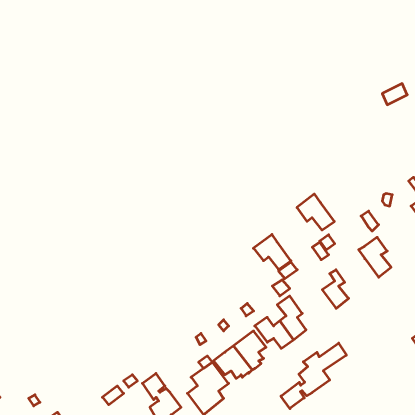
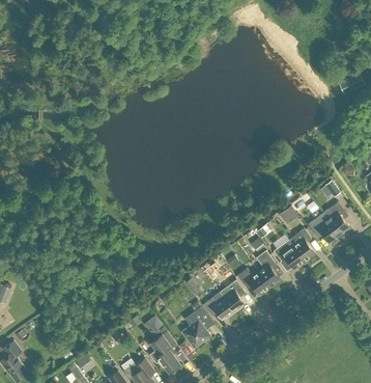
building: [297,194,334,230] -> [309,212,340,242]
building: [253,234,291,269] -> [274,239,305,268]
building: [281,343,346,409] -> none

